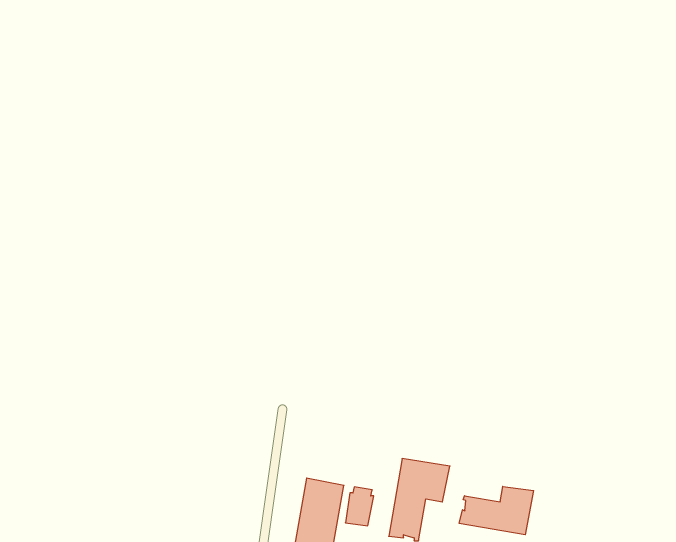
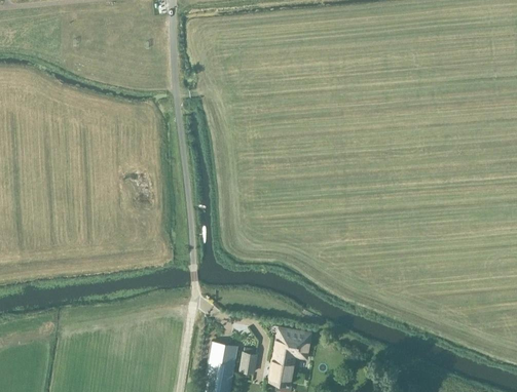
building: [459,486,534,535] -> none

